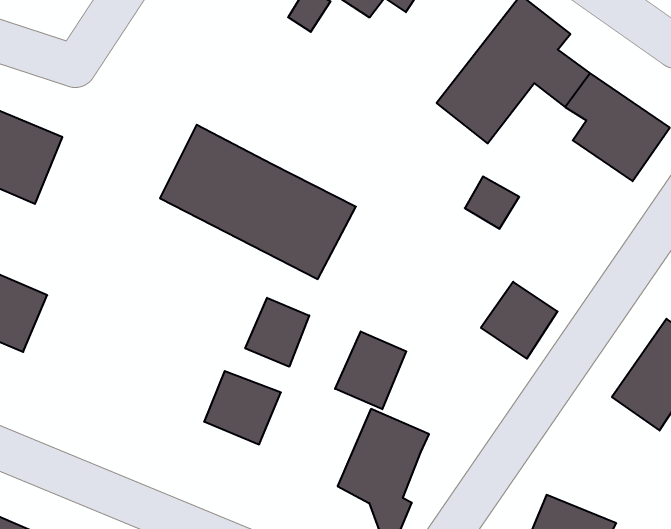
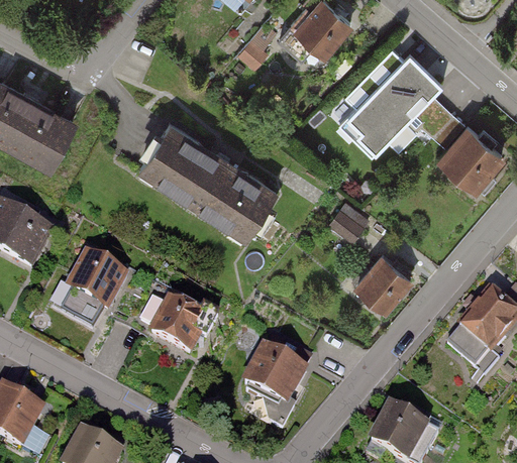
building: [465,176,519,229] -> [329,204,369,242]
building: [245,298,309,367] -> none
building: none -> [54,251,124,329]
building: [335,331,406,409] -> none

